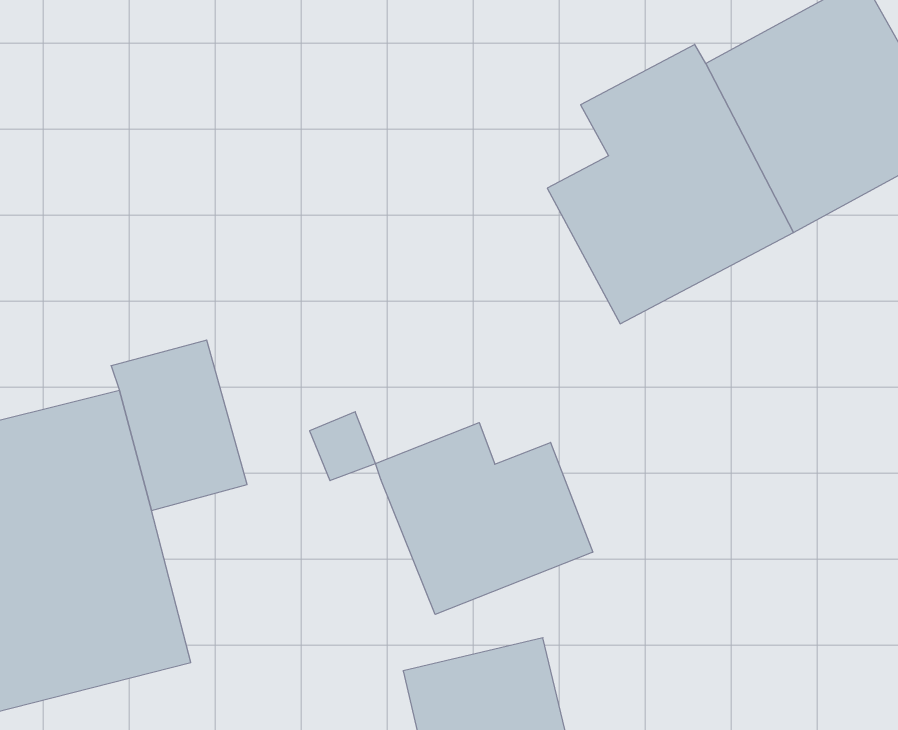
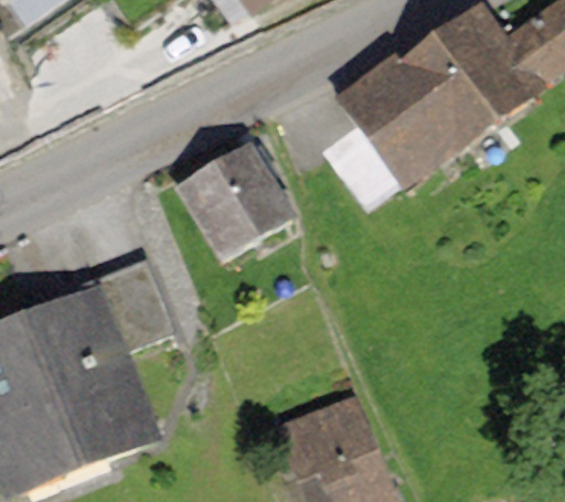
building: none -> [175,140,299,265]
building: [375,423,593,614] -> none

